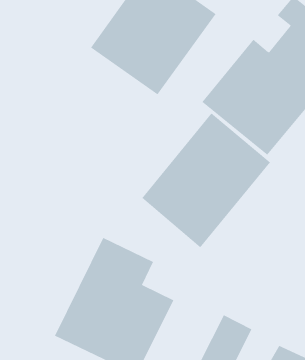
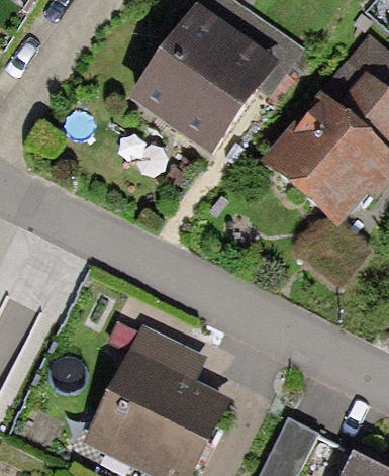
building: [142,113,271,248] -> none

